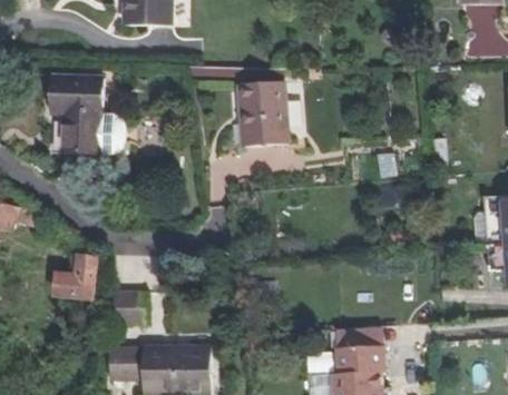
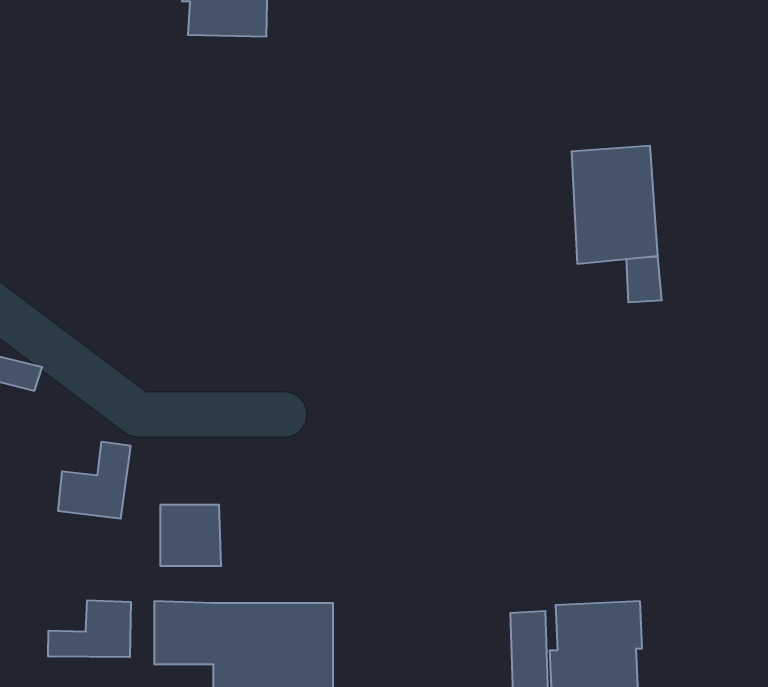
building: [52,75,104,154] -> none
building: [240,80,289,147] -> [571,146,658,264]
building: none -> [48,600,131,657]

